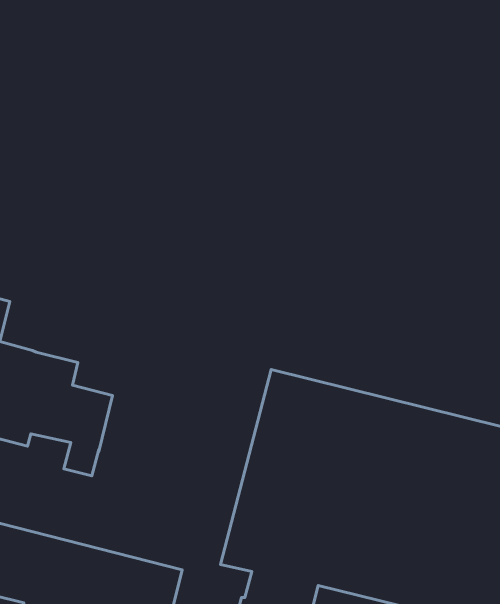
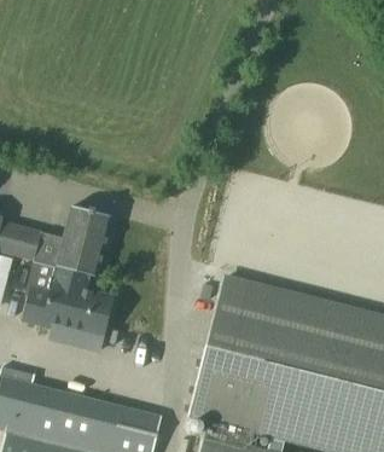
building: none -> [58,207,112,278]

